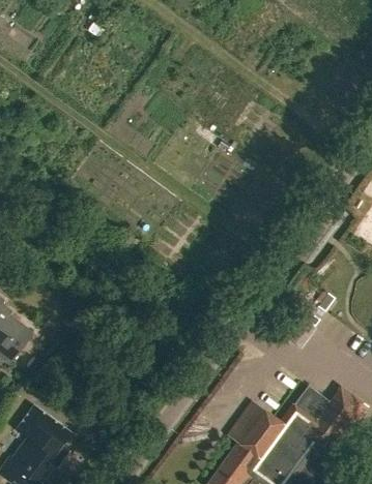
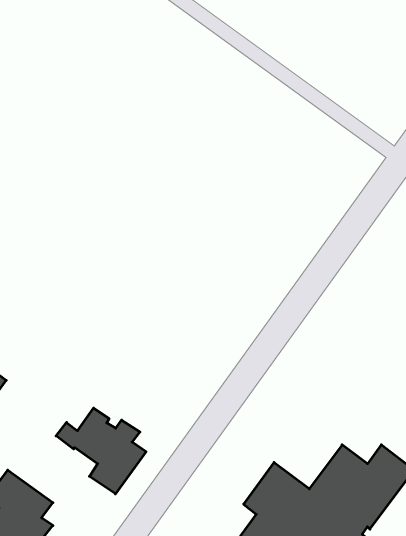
building: none -> [56,408,146,494]

